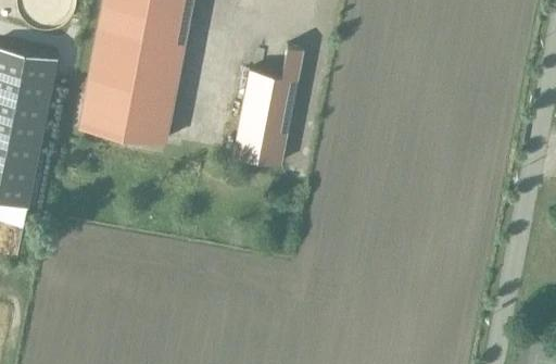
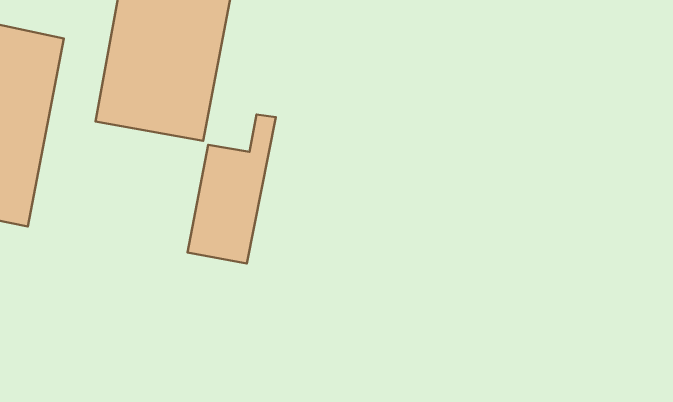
building: [232,48,302,165] -> [187,114,276,264]

